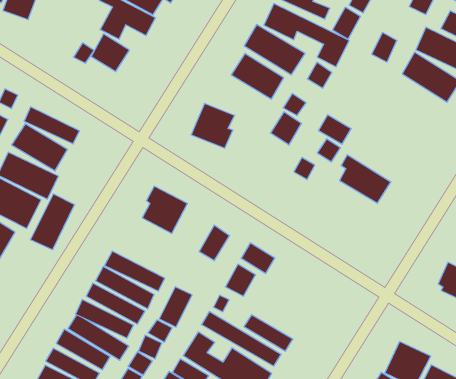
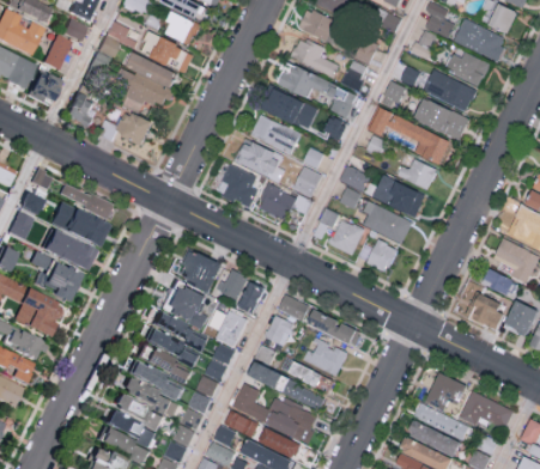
building: none -> [63,93,96,126]
building: none -> [369,108,450,164]
building: none -> [235,138,289,181]
building: none -> [398,158,438,189]
building: none -> [260,184,296,219]
building: none -> [372,175,426,217]
building: none -> [330,219,364,254]
building: [30,194,75,250] -> none
building: none -> [358,239,399,272]
building: none -> [217,269,248,298]
building: none -> [162,282,207,329]
building: none -> [217,310,245,346]
building: none -> [305,309,363,346]
building: none -> [304,337,347,376]

